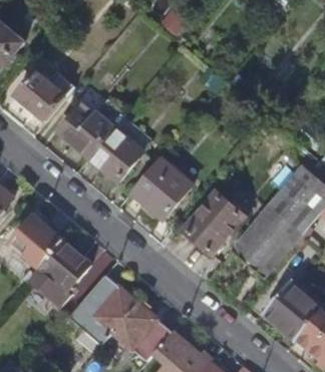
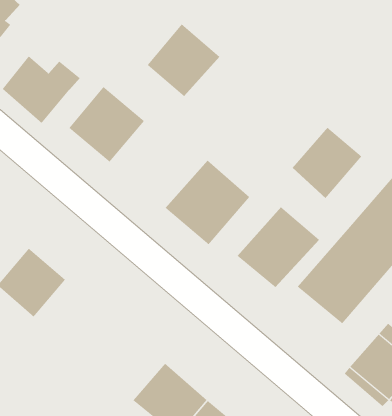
building: [88,127,143,182] -> [147,23,220,97]
building: none -> [292,127,362,199]
building: [19,247,84,316] -> none
building: [73,282,129,337] -> none

